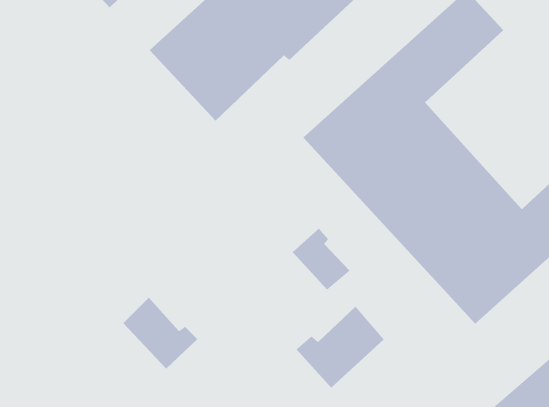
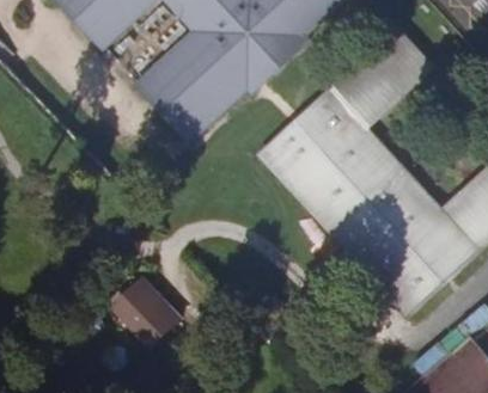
building: [292,228,350,291] -> none
building: [296,306,385,389] -> none

